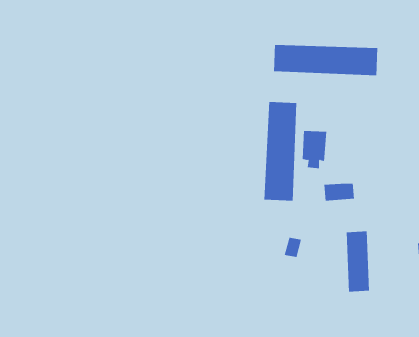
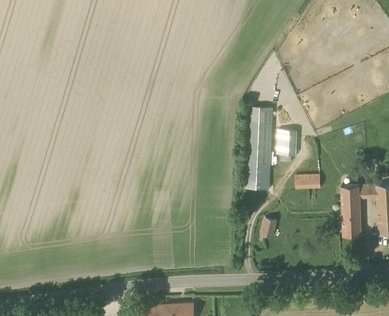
building: [274,44,378,76] -> none
building: [346,231,370,292] -> [341,186,361,237]

